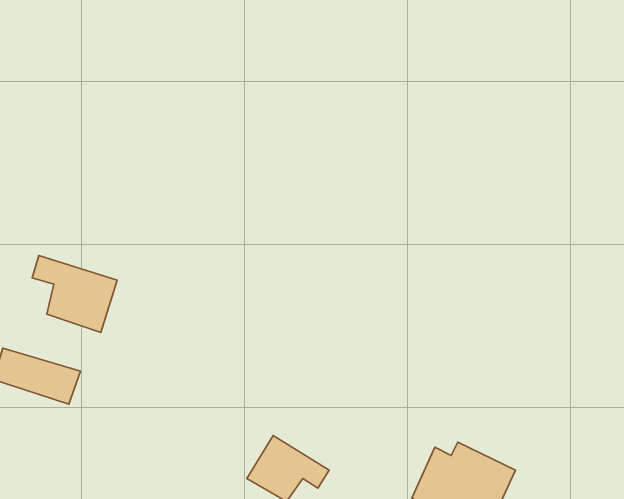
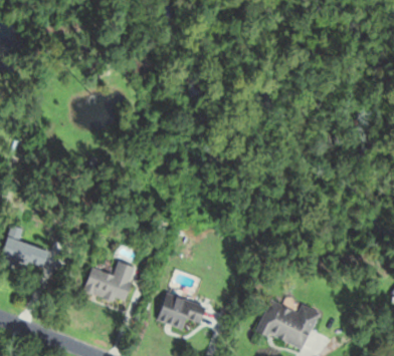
building: [32,256,117,332] -> none
building: none -> [83,261,138,303]

